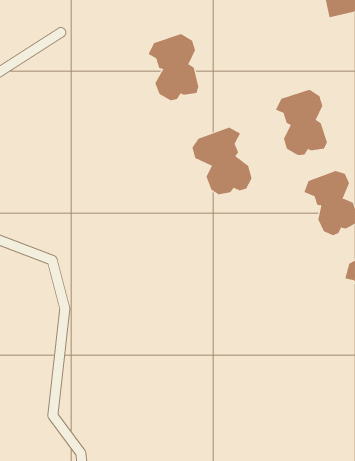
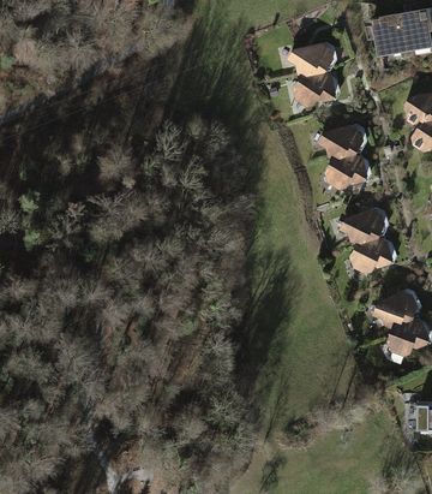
building: [148,34,199,101] -> [287,42,335,107]
building: [192,127,252,195] -> none

